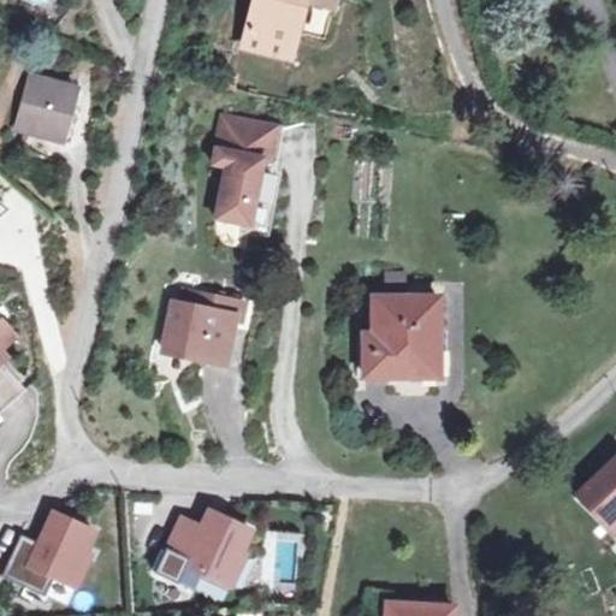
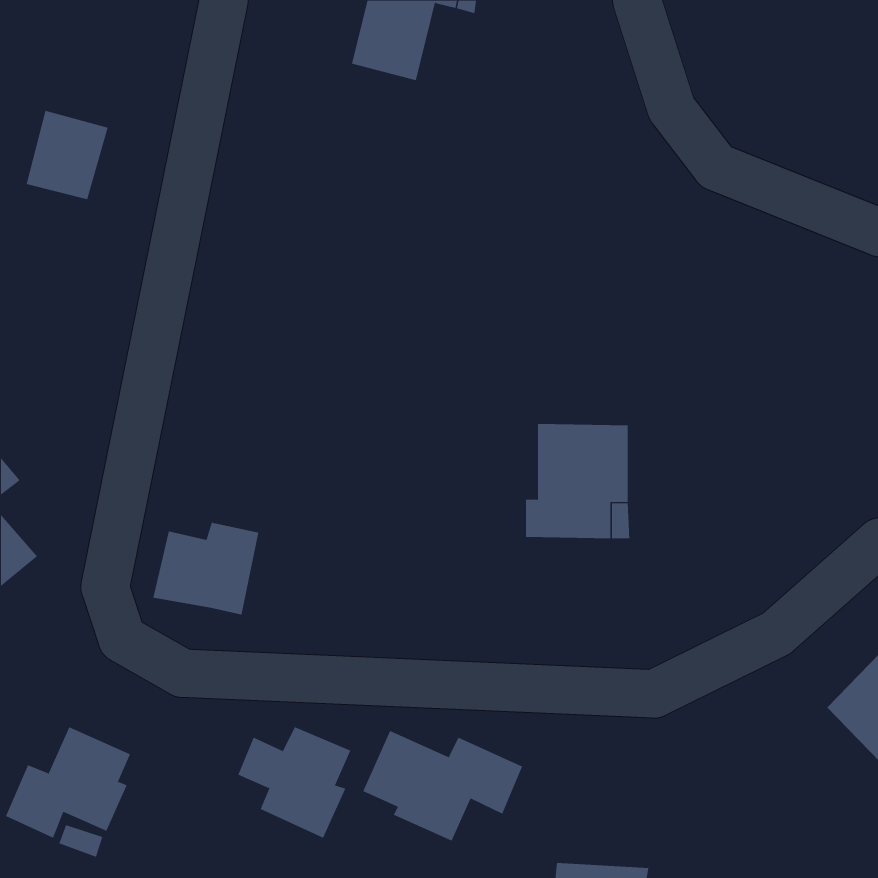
building: [209,111,273,223] -> none
building: [165,300,239,365] -> [153,522,259,615]
building: none -> [363,730,523,842]

